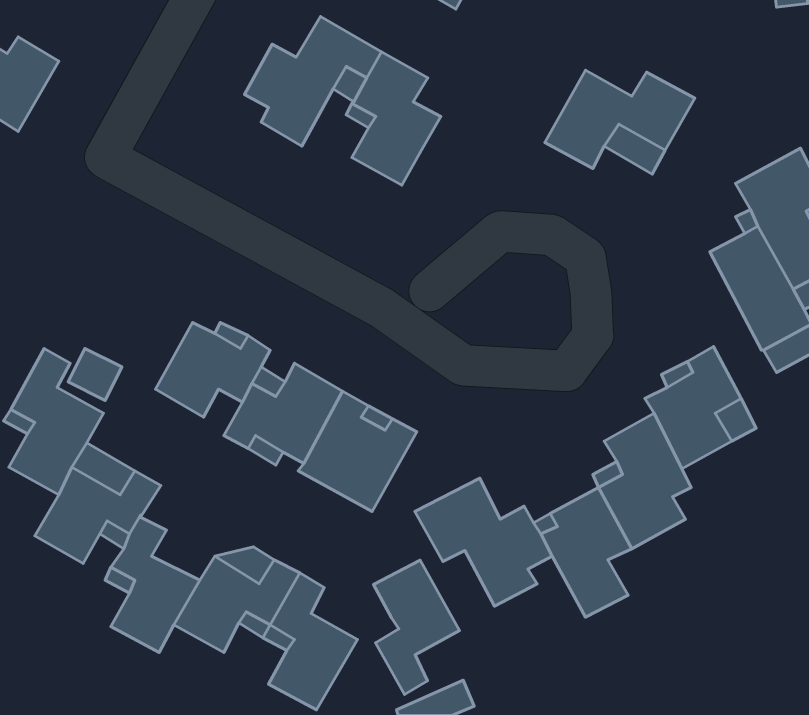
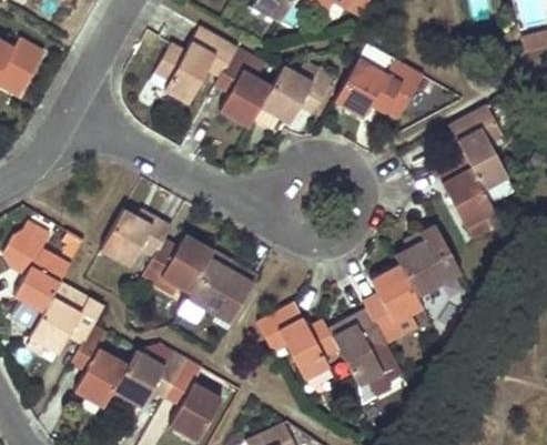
building: none -> [260,62,335,122]
building: [374,560,460,695] -> none

